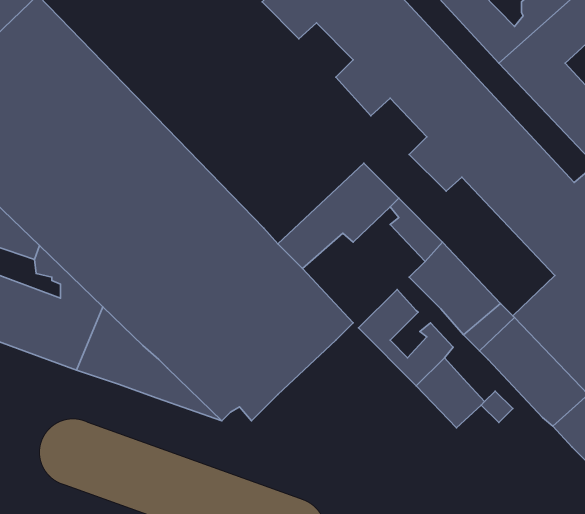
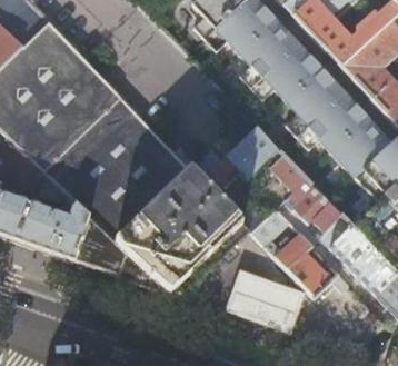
building: none -> [225,269,305,333]

